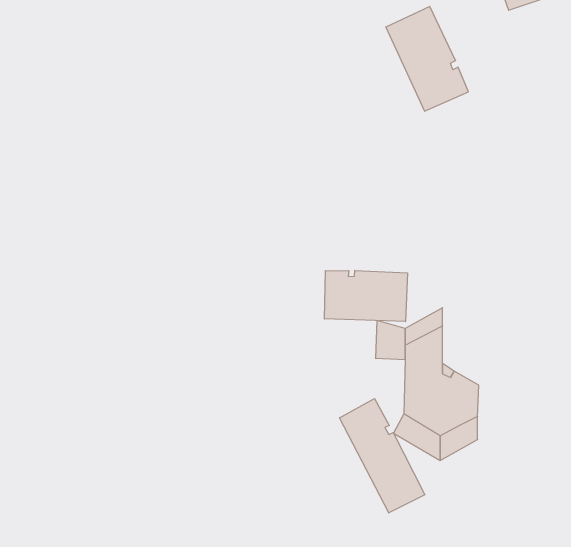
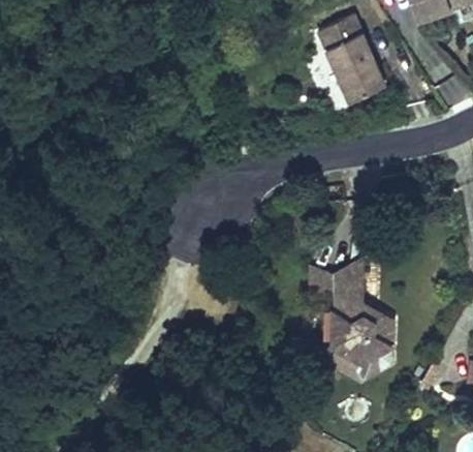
building: [324,270,407,322] -> none
building: [340,399,425,513] -> none

